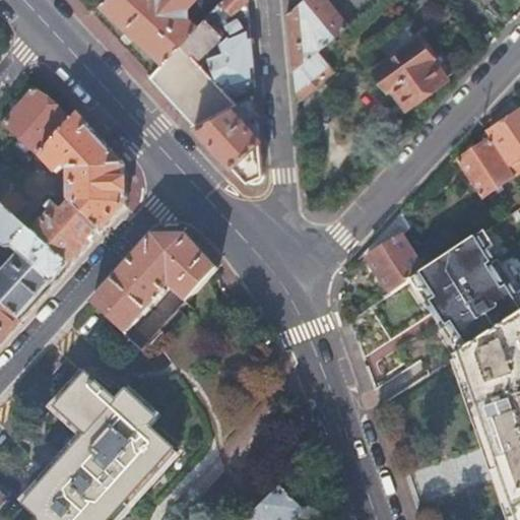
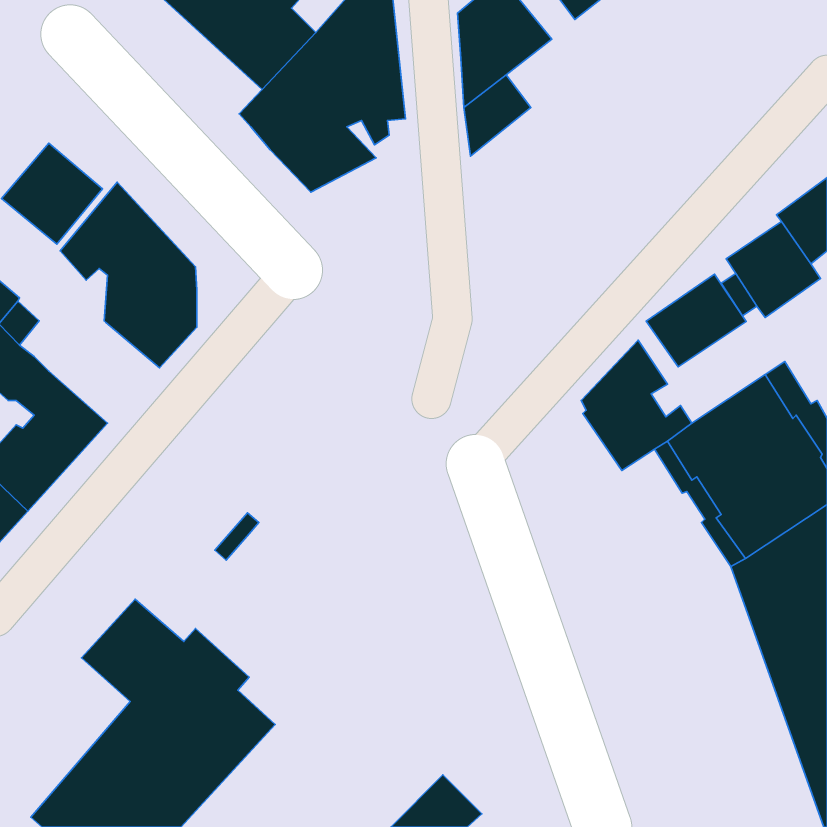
building: [371,35,445,107] -> none
building: [194,99,261,176] -> none
building: none -> [646,274,746,367]
building: [30,201,100,264] -> none
building: [86,233,214,334] -> none

